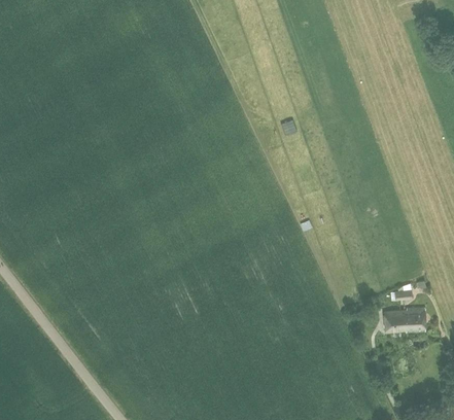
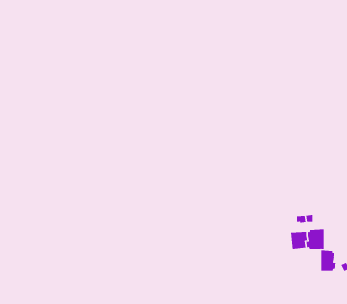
building: none -> [321,249,336,271]

